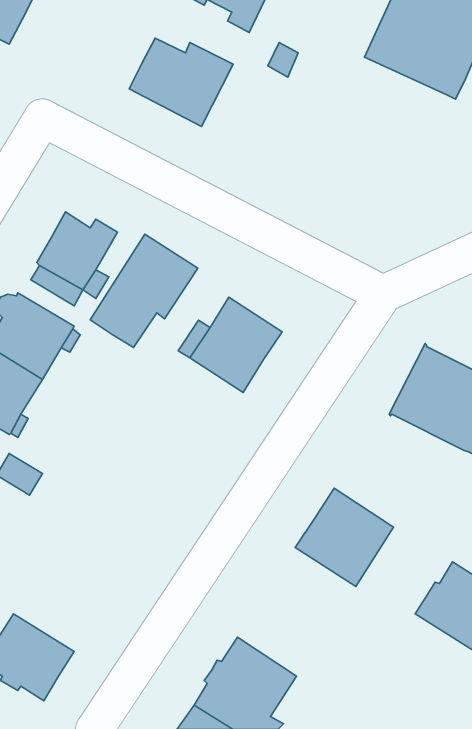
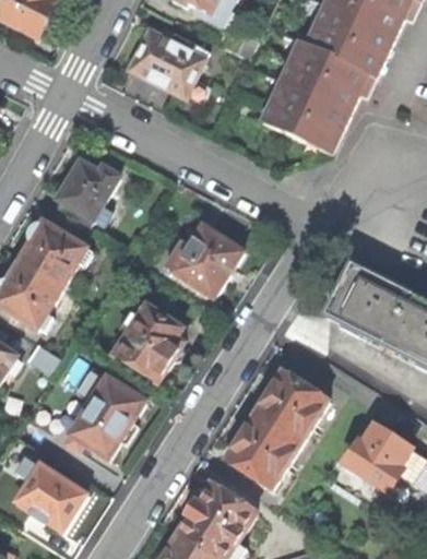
building: none -> [261,39,368,152]
building: [90,234,198,348] -> none
building: none -> [115,305,185,382]
building: none -> [66,377,146,460]
building: none -> [225,414,299,488]

